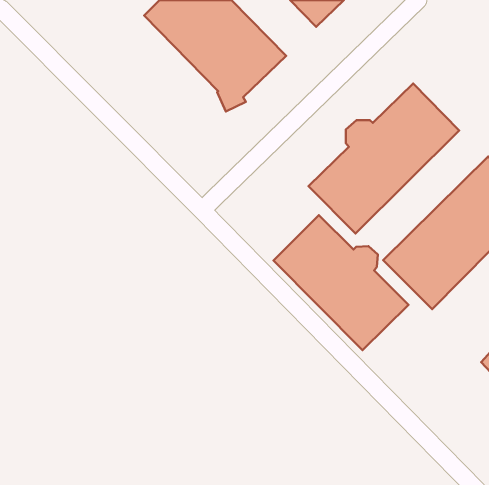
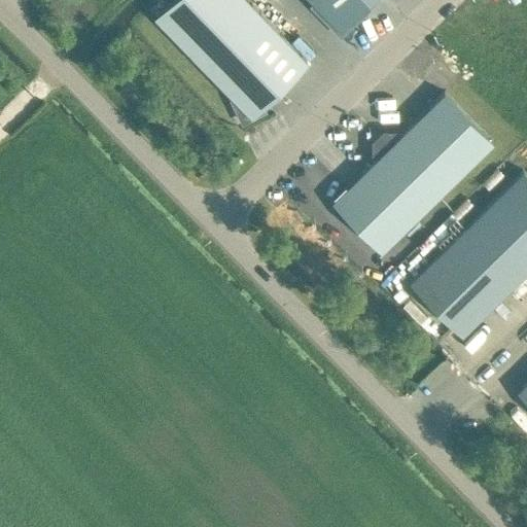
building: [273,215,409,350] -> none

